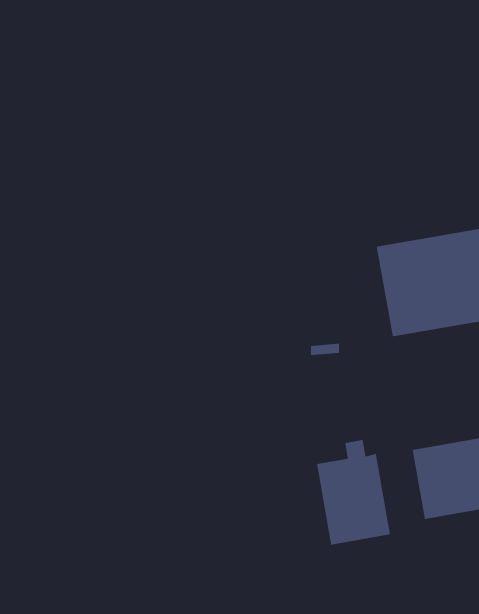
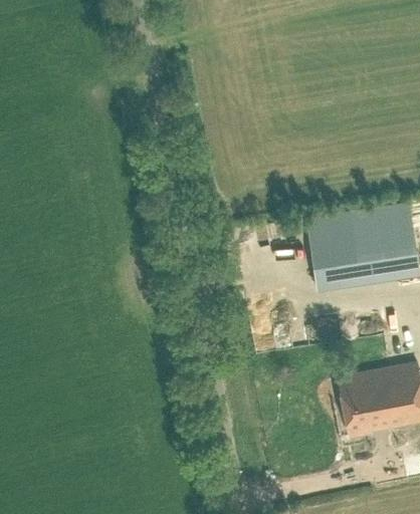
building: [316,439,391,545] -> none

